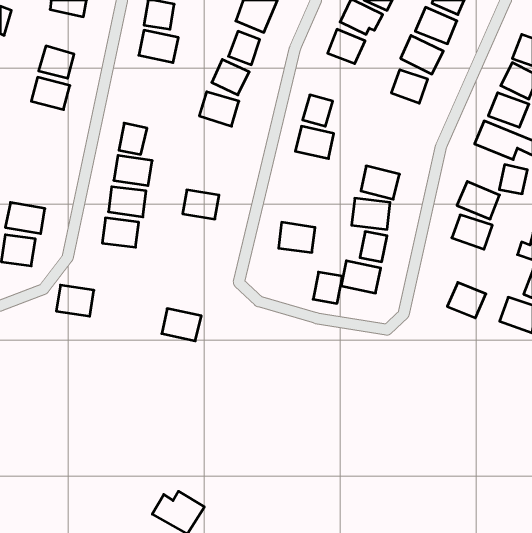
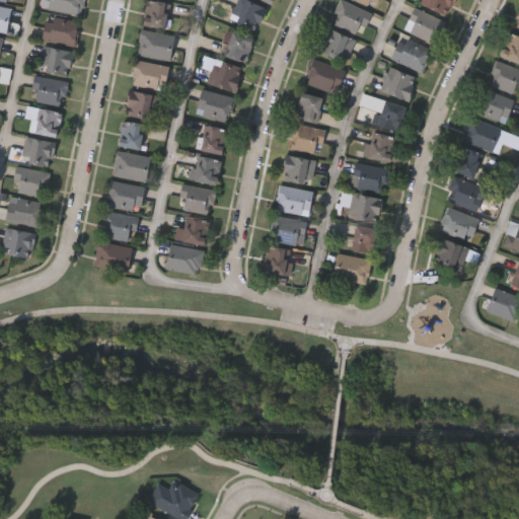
building: none -> [43,15,79,47]
building: none -> [131,60,169,90]
building: none -> [307,60,346,93]
building: none -> [124,89,161,122]
building: none -> [374,100,402,130]
building: none -> [27,105,63,138]
building: none -> [198,125,228,155]
building: none -> [364,132,396,162]
building: none -> [21,137,55,166]
building: none -> [282,154,316,184]
building: none -> [188,157,220,186]
building: [499,165,527,194] -> [455,149,483,177]
building: none -> [14,167,50,197]
building: none -> [276,184,314,216]
building: none -> [172,216,208,246]
building: [313,272,342,303] -> [262,246,290,277]
building: [447,282,486,318] -> [433,239,470,274]
building: [56,285,94,316] -> [93,242,130,273]
building: [162,309,201,341] -> [164,244,203,276]

